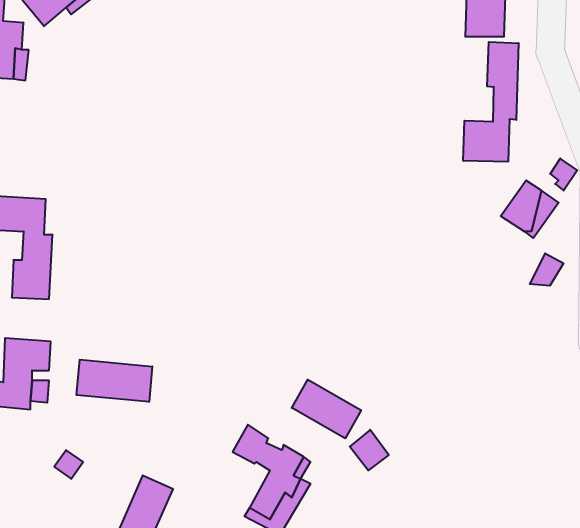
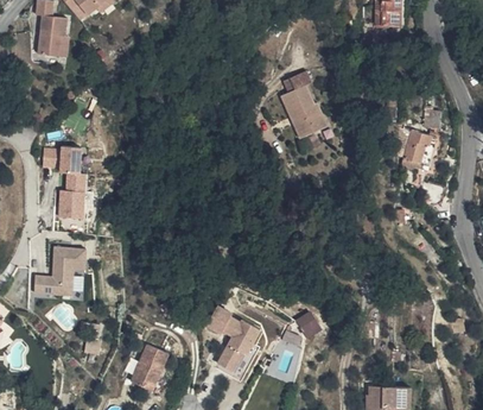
building: [463,42,519,162] -> none
building: none -> [282,84,331,139]
building: [77,360,152,402] -> none
building: [292,380,361,438] -> none

